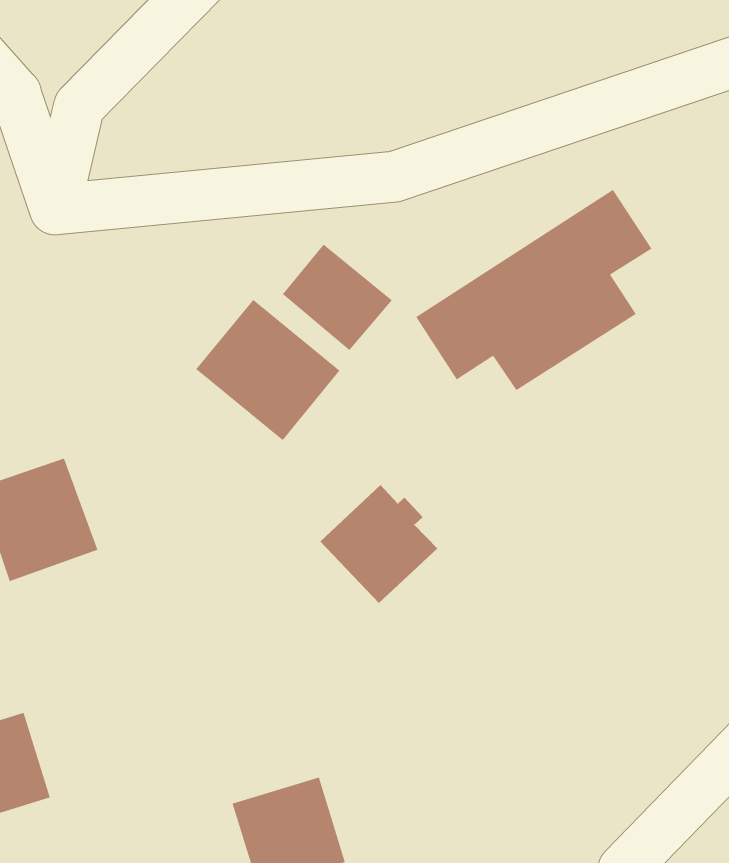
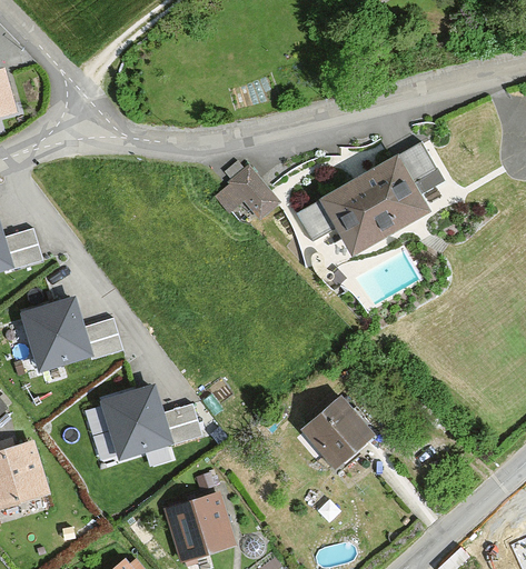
building: [195,299,341,441] -> none
building: [320,484,438,604] -> [304,398,377,472]
building: none -> [95,373,169,452]

